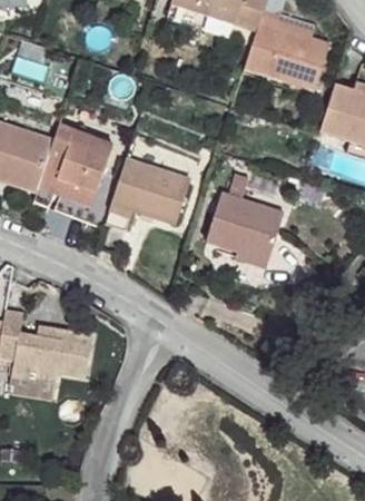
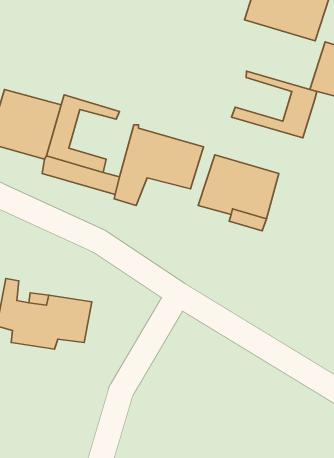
building: none -> [232,71,317,138]
building: [71,145,119,195] -> none

